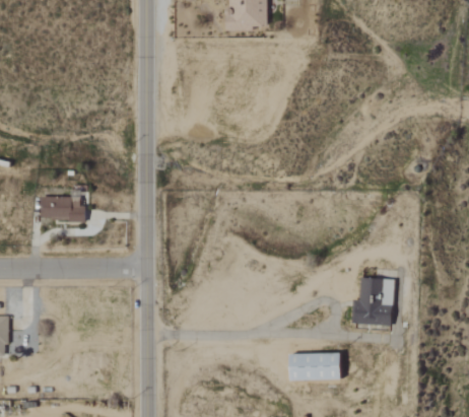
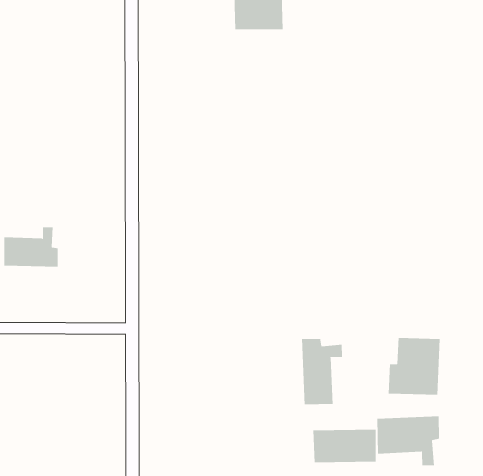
building: none -> [301,338,343,405]
building: none -> [377,415,440,466]

